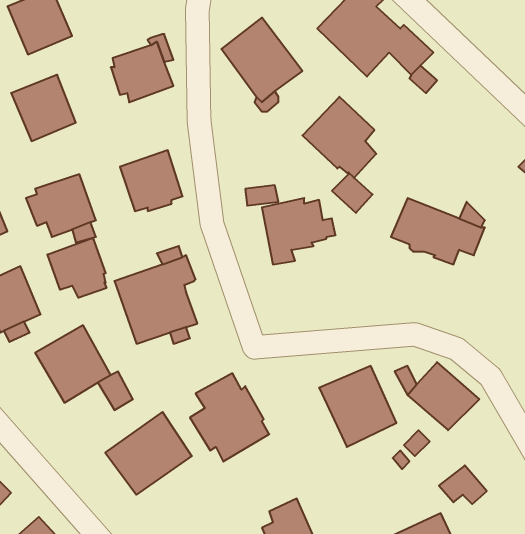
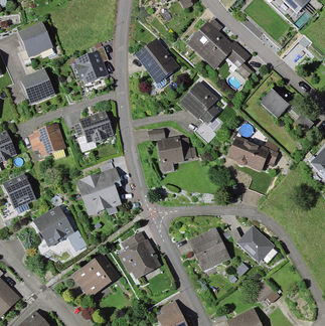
building: none -> [259,84,293,118]
building: [47,238,106,298] -> none

